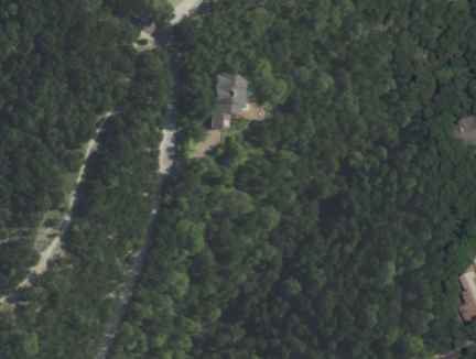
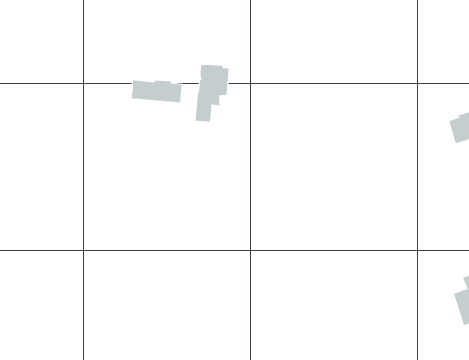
building: none -> [131,80,182,103]

